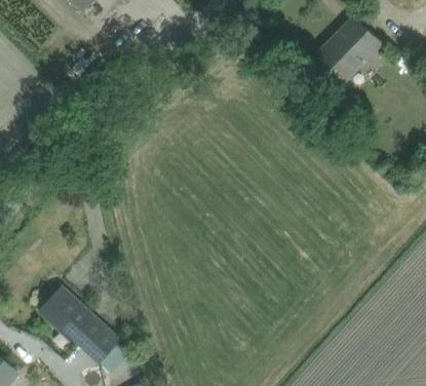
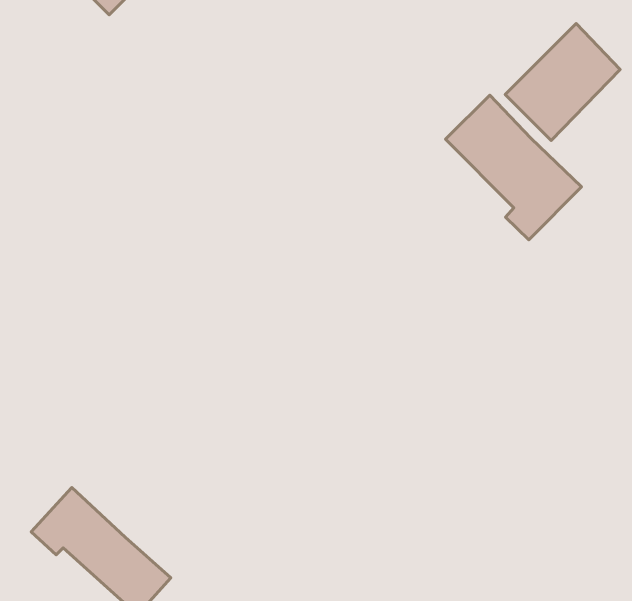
building: none -> [446,95,581,240]

